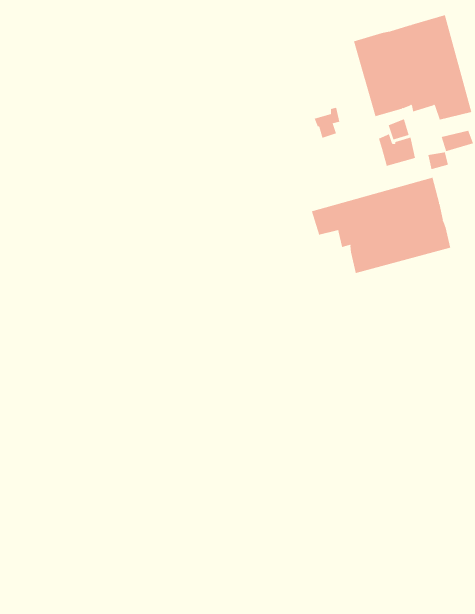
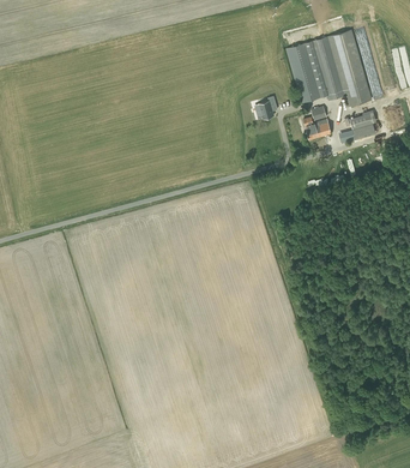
building: [311,177,451,274] -> none

